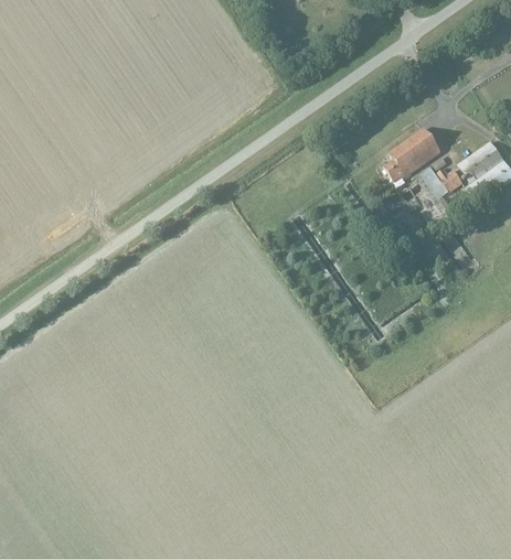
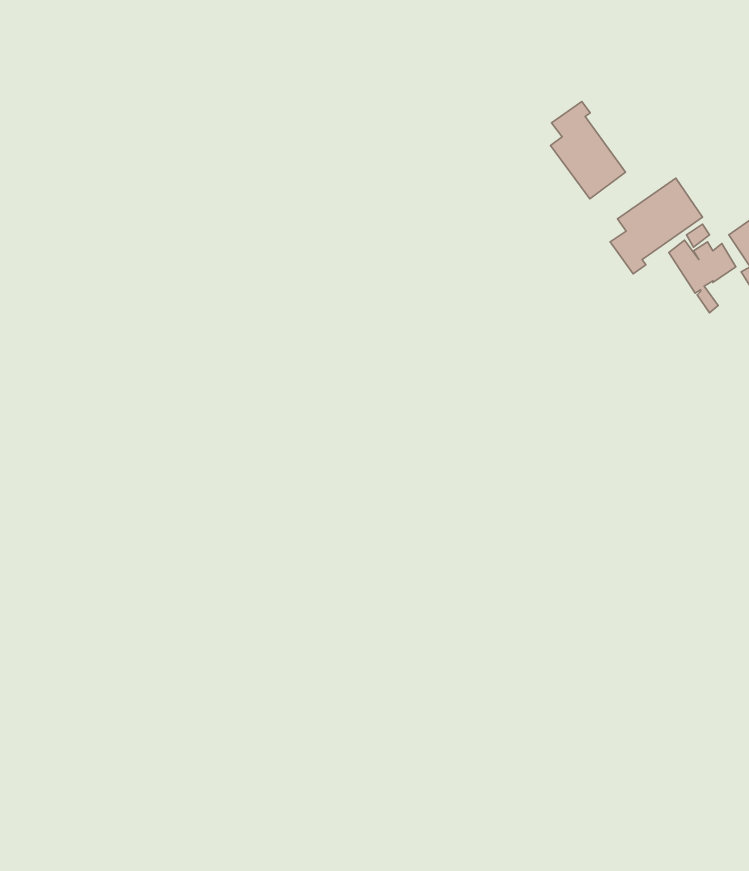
building: none -> [551,101,625,199]

